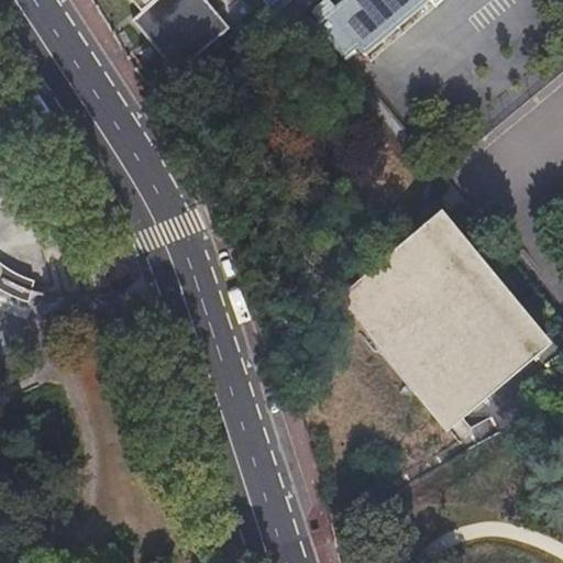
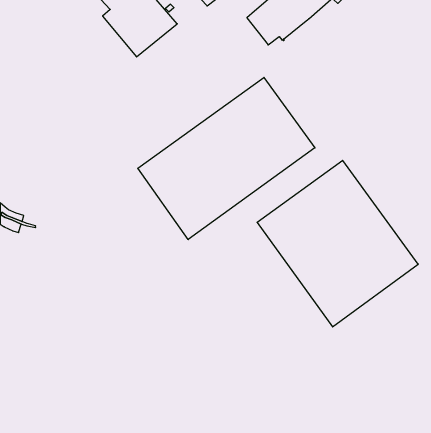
building: none -> [138,77,315,240]

